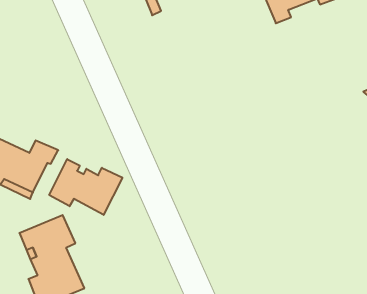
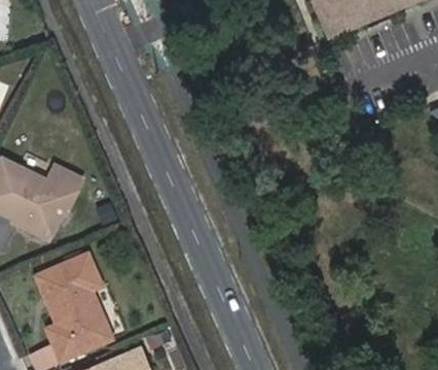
building: [49,159,122,215] -> none

